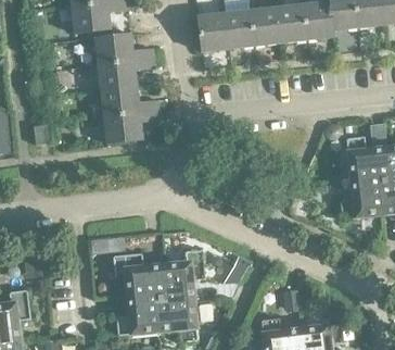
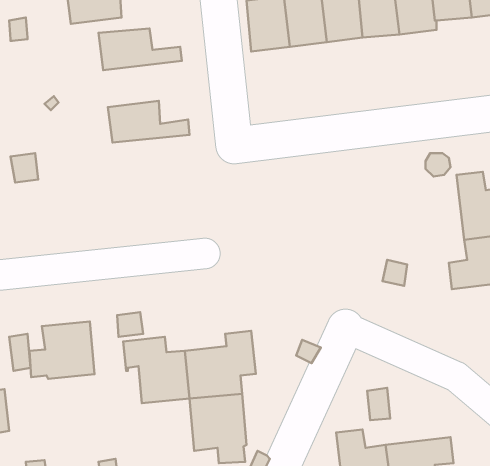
building: [98,58,154,90] -> none
building: [104,110,160,142] -> none
building: [116,296,162,336] -> [30,322,94,379]

